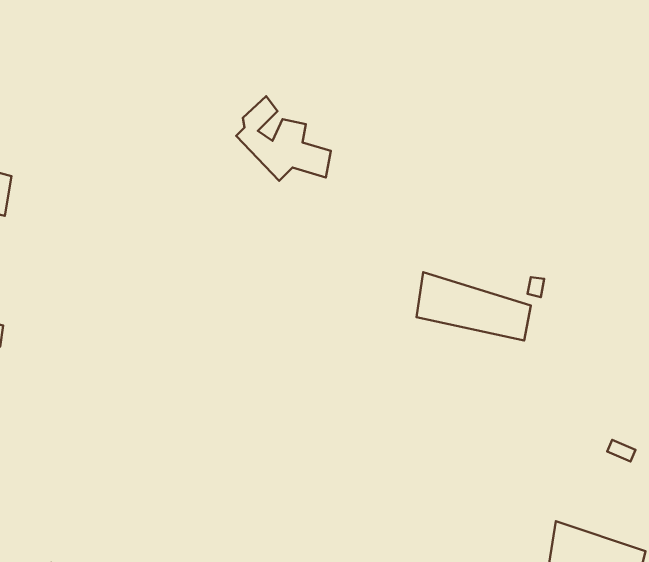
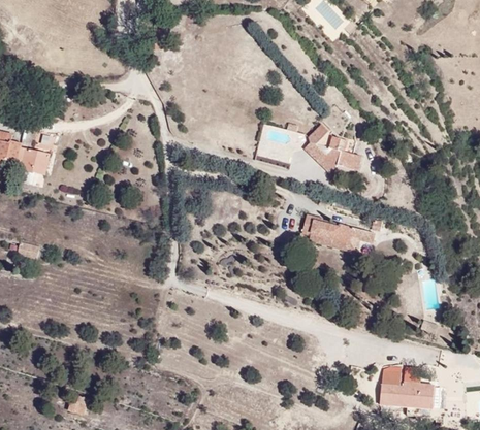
building: [236,96,331,181] -> [302,122,361,174]

